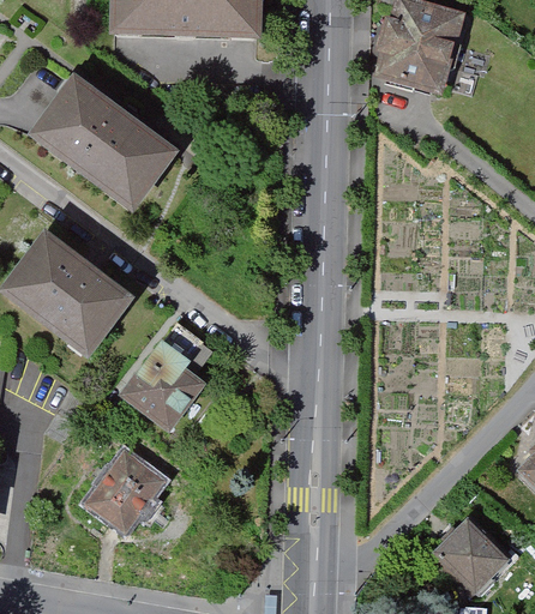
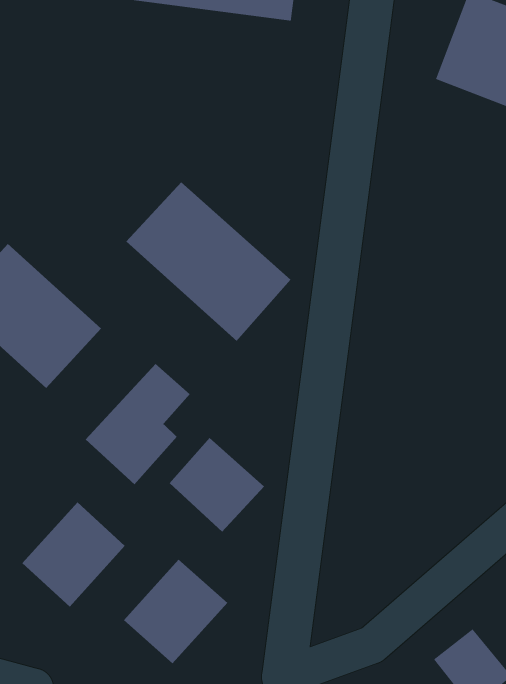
building: [36,82,175,209] -> [126,181,291,342]
building: none -> [169,437,265,533]
building: none -> [123,559,228,664]

